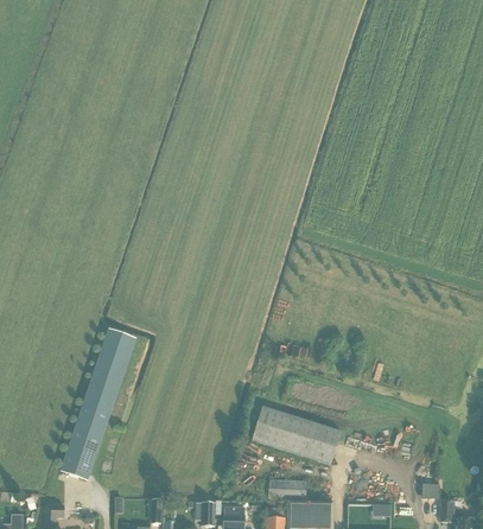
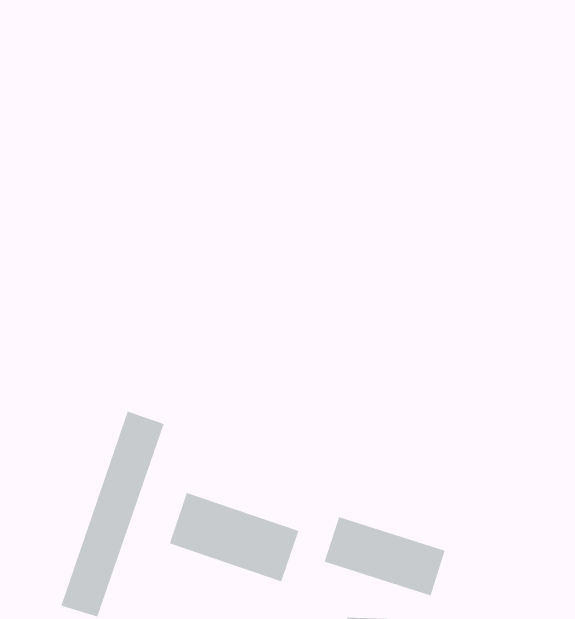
building: none -> [169,492,299,582]

